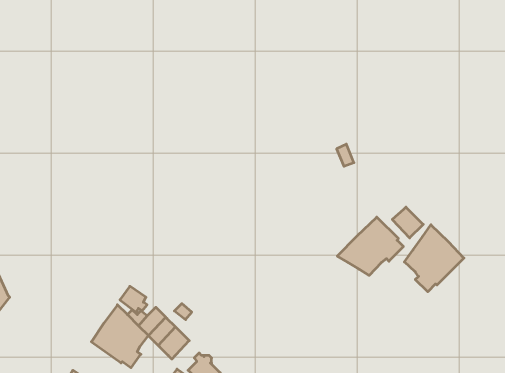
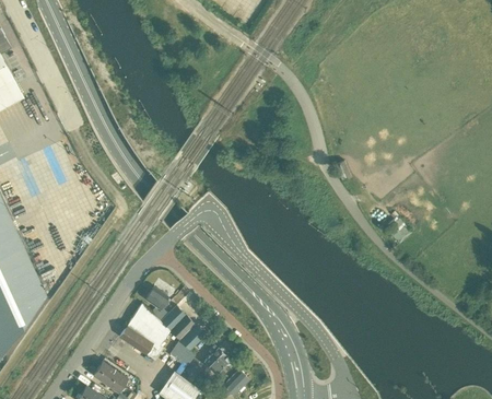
building: [337,217,403,275] -> none
building: [404,225,464,292] -> none

